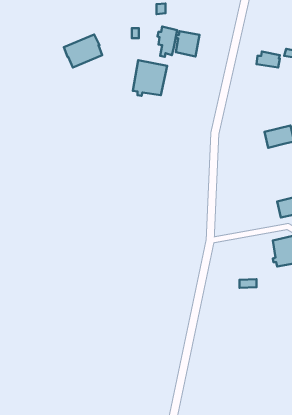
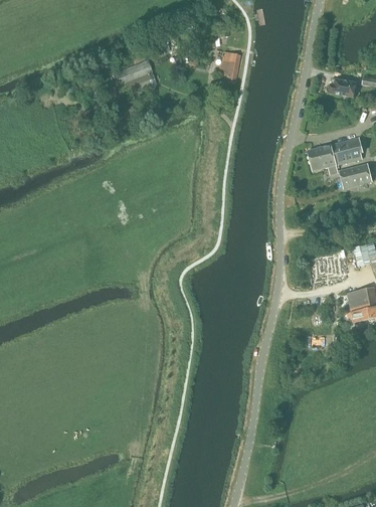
building: [176,31,200,56] -> none
building: [133,60,167,96] -> none
building: none -> [307,137,363,176]

